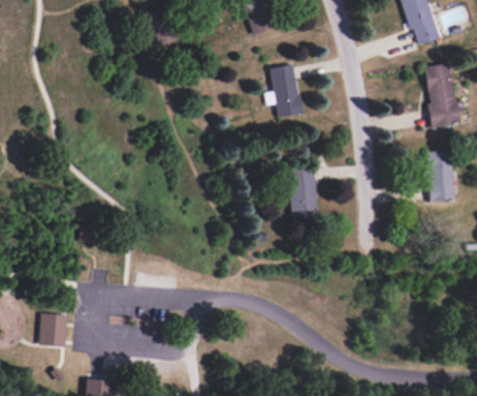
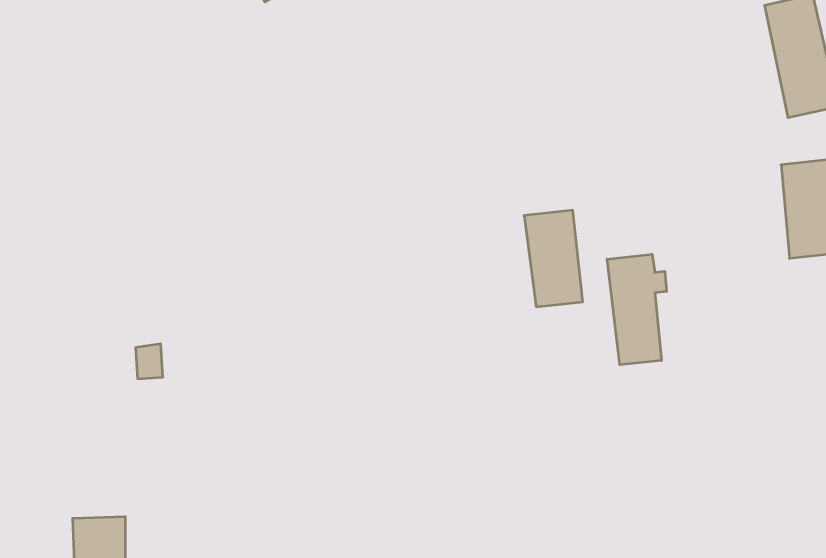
building: [269,64,301,118] -> none
building: none -> [607,254,666,365]

